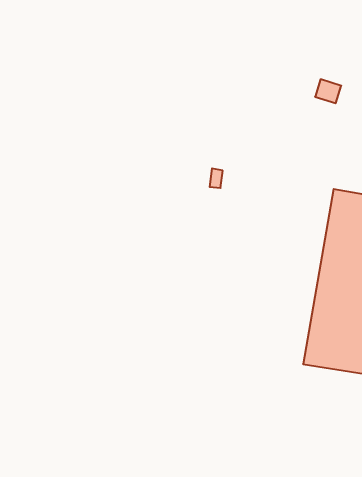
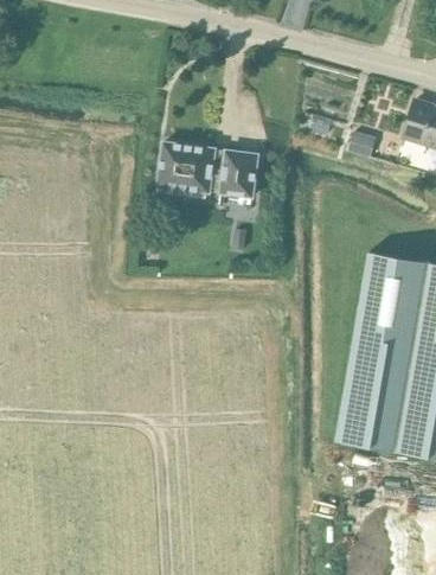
building: none -> [156,143,258,199]

